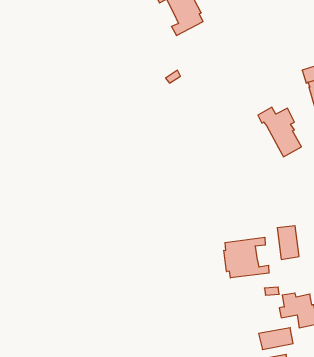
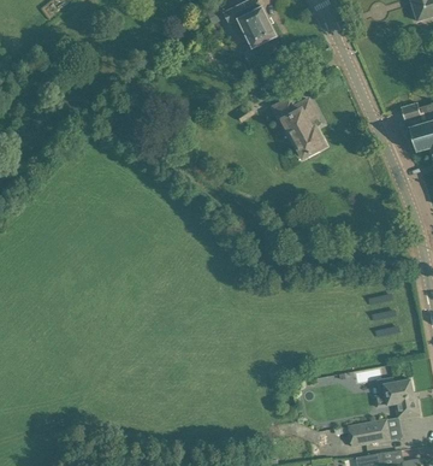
building: [258,107,301,157] -> [272,98,325,158]
building: [224,237,269,278] -> none

